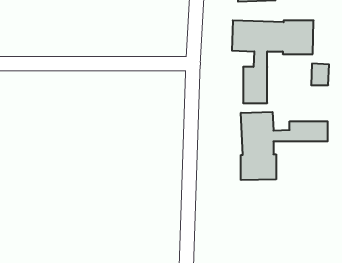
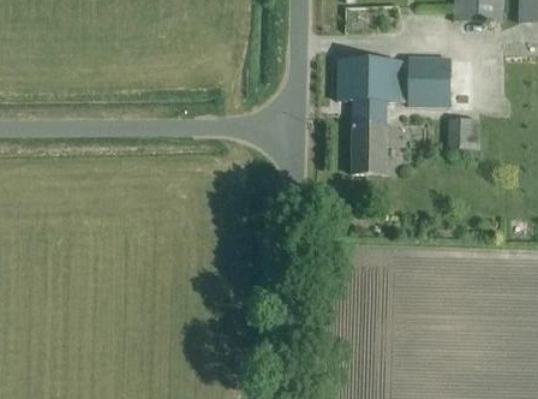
building: [241,112,328,180] -> none

